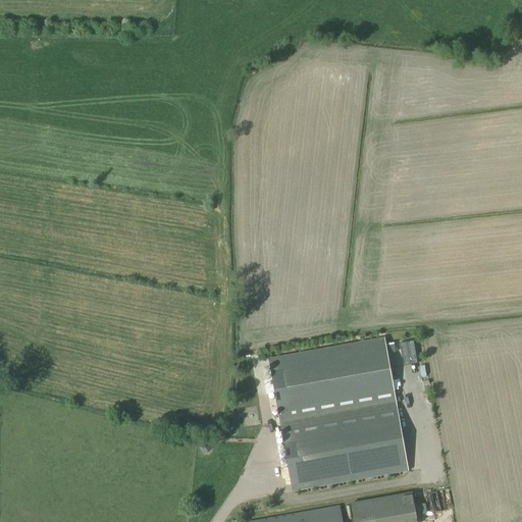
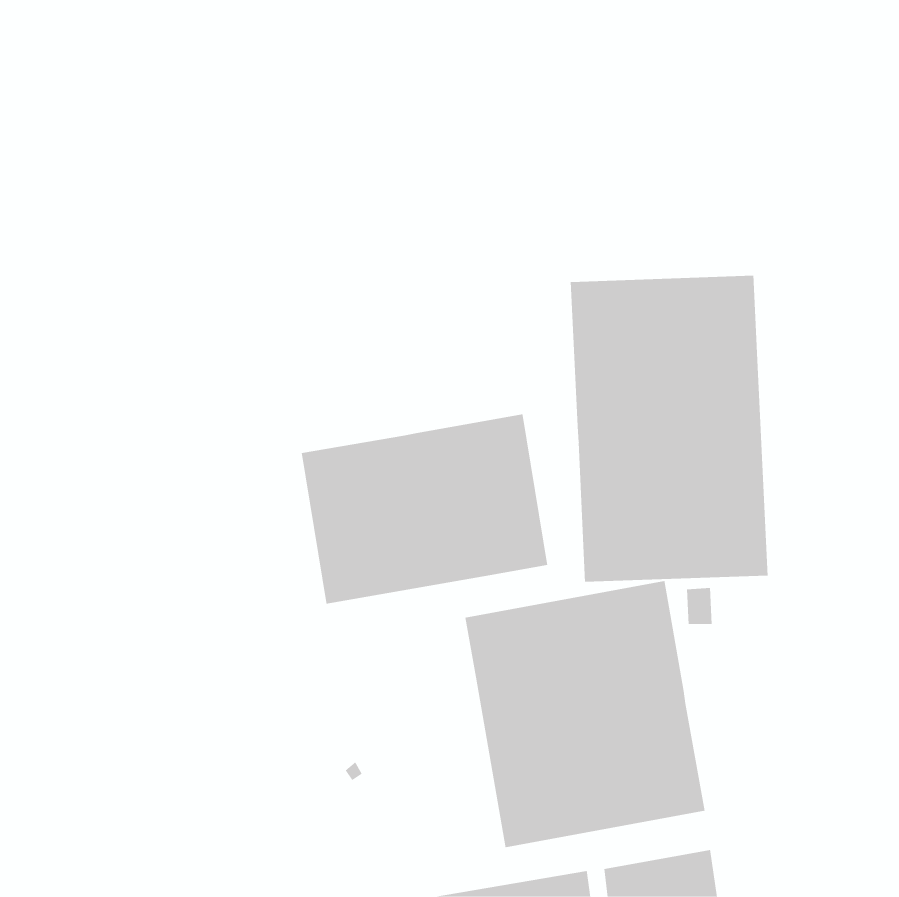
building: none -> [570,275,768,583]
building: none -> [301,414,548,605]

